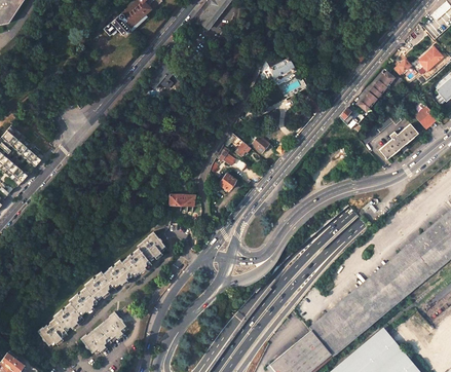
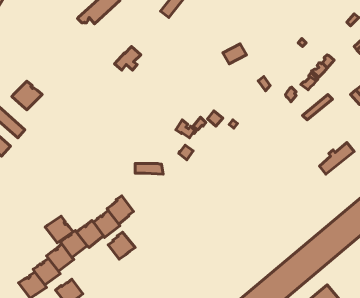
building: none -> [12,81,42,110]
building: [379,123,418,159] -> [320,143,354,174]
building: none -> [45,216,73,243]
building: [98,311,128,342] -> [108,232,135,259]

